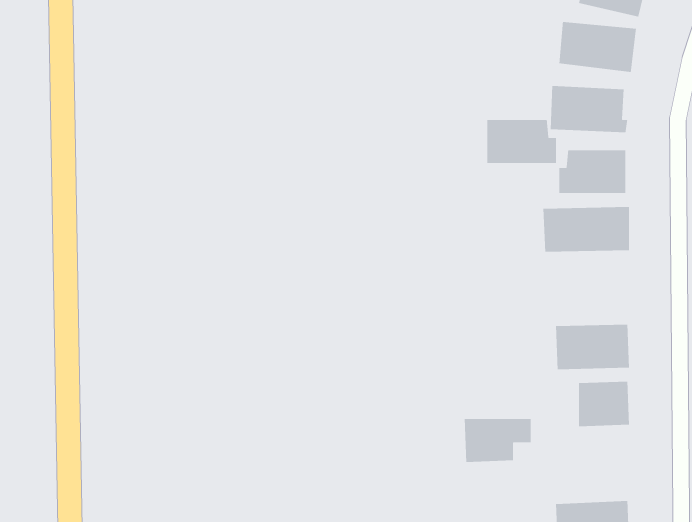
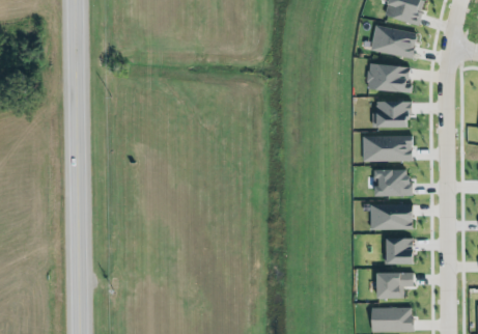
building: [486,119,557,164] -> none
building: none -> [373,170,414,196]
building: [464,418,532,463] -> [374,272,414,298]

